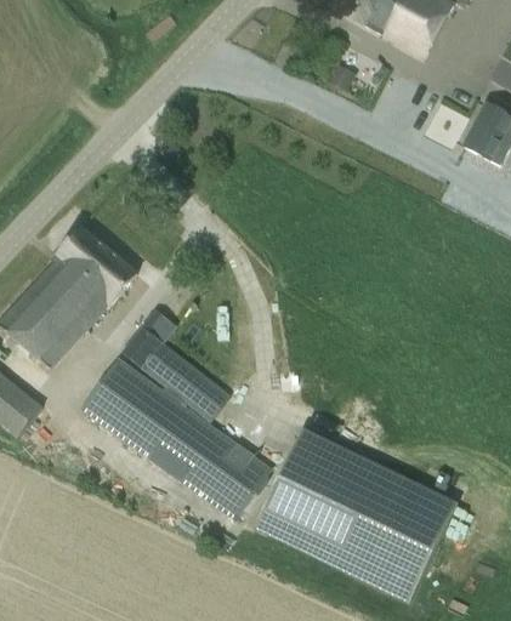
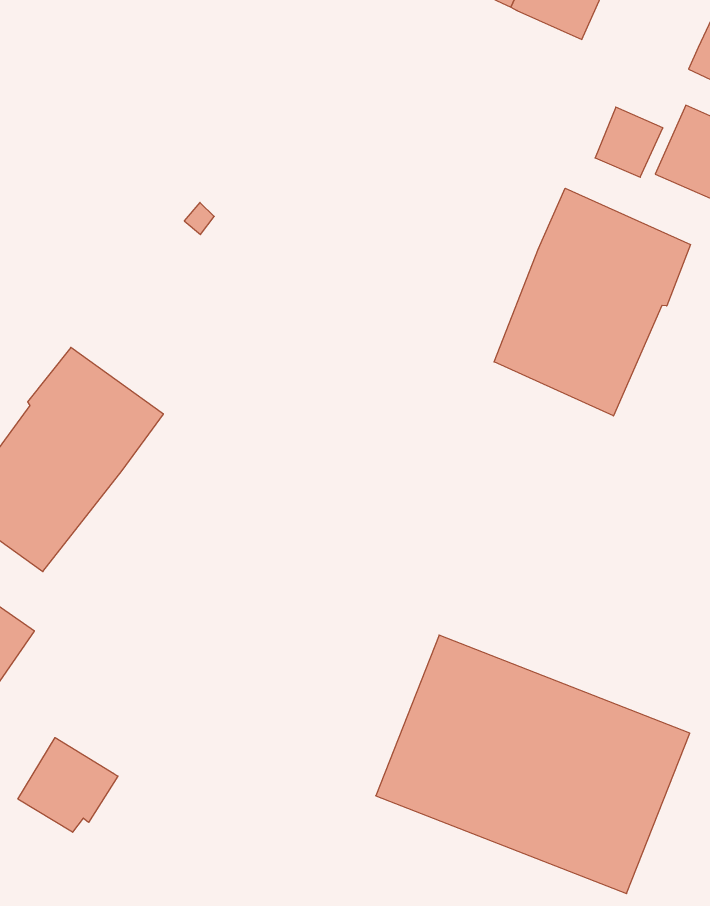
building: none -> [494,188,691,416]
building: [80,325,273,520] -> none
building: none -> [18,738,118,832]

